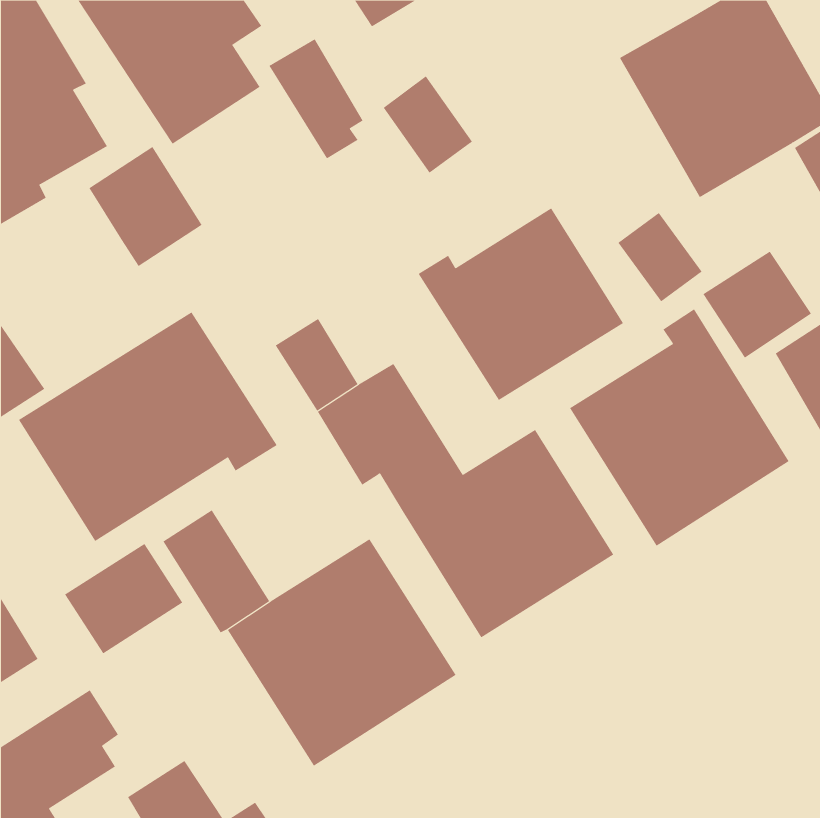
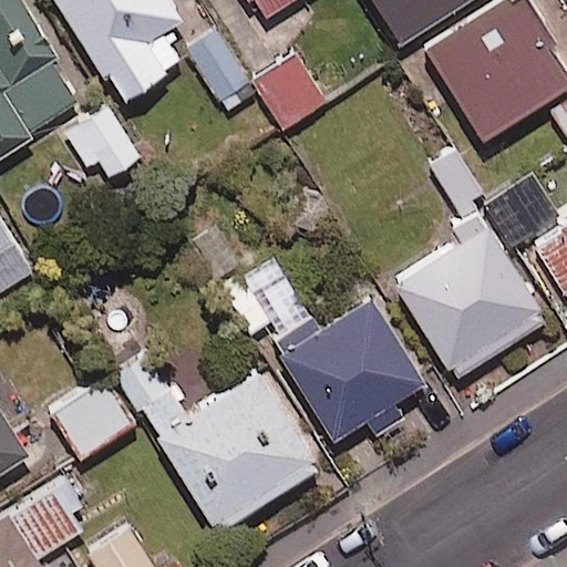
building: [418,207,624,401] -> none
building: [18,311,278,542] -> none

